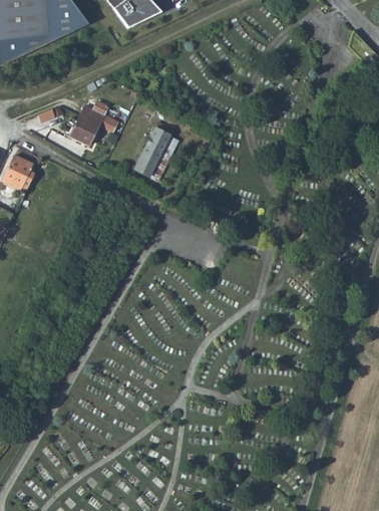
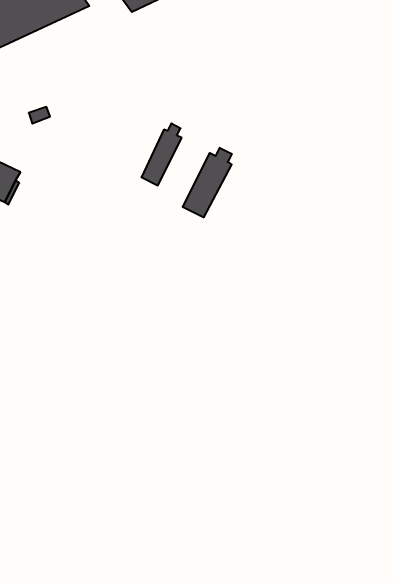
building: [69,100,116,145] -> none
building: none -> [183,148,232,217]

